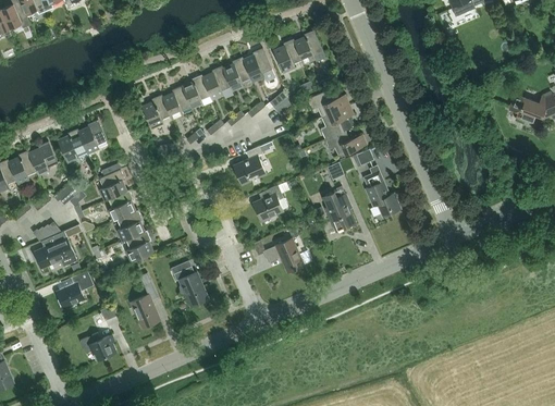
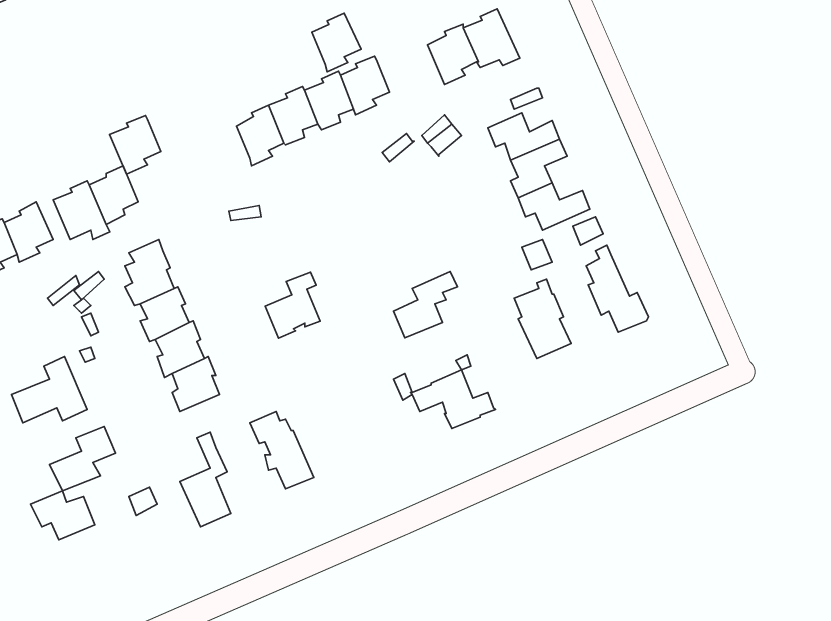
building: [244,48,272,82] -> [312,13,361,72]
building: [141,95,171,128] -> [110,116,161,174]
building: [234,146,266,184] -> [265,272,320,338]
building: [79,332,116,360] -> [30,491,95,540]

